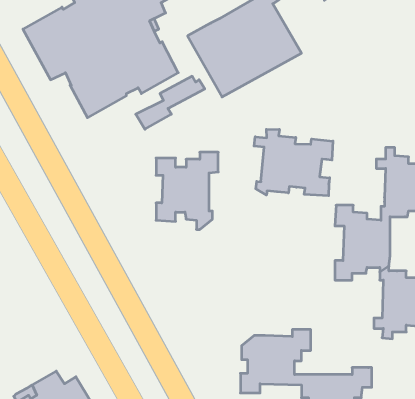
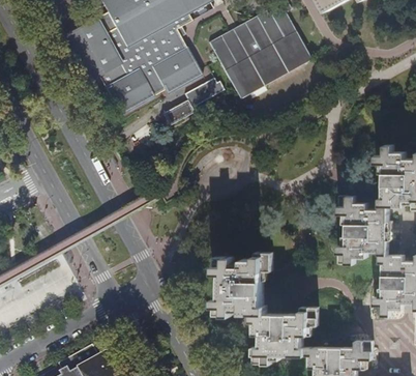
building: [254,129,333,196] -> none
building: [156,152,218,229] -> [217,252,273,321]

